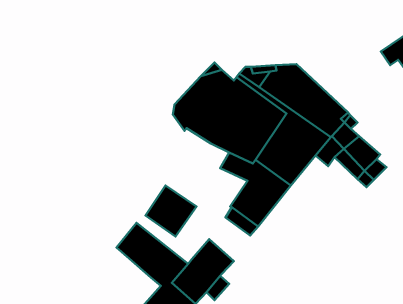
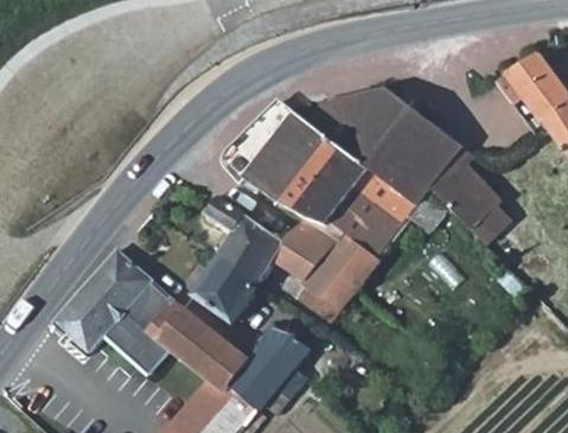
building: none -> [209,198,325,284]
building: none -> [53,249,180,376]

